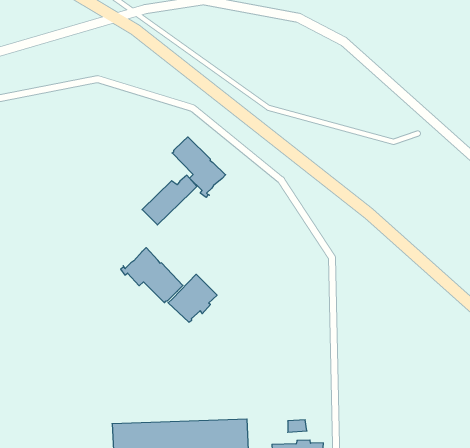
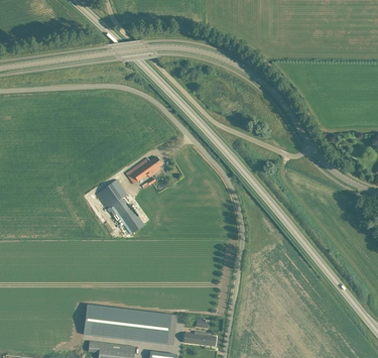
building: [172,137,226,197] -> none
building: [168,274,217,322] -> [96,180,127,209]

